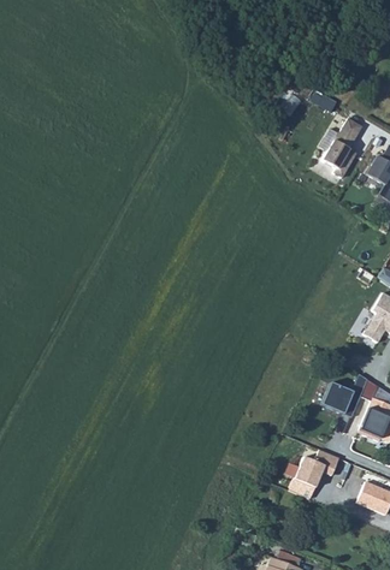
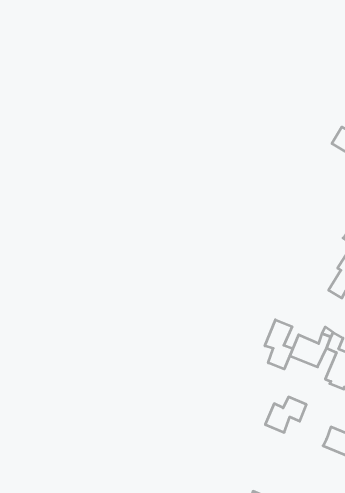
building: [323,118,362,178] -> none
building: none -> [265,320,293,369]

